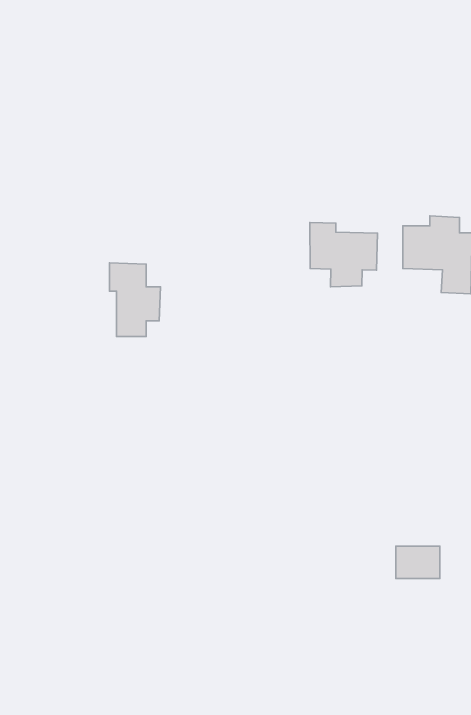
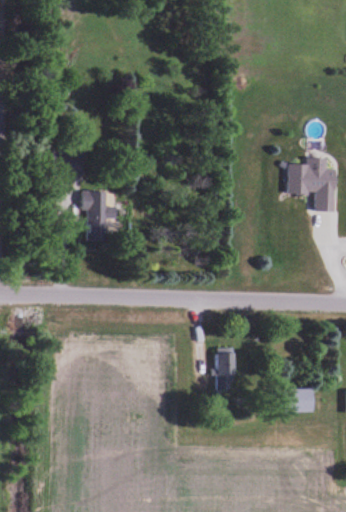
building: [310,223,378,287] -> none
building: none -> [215,351,236,388]

